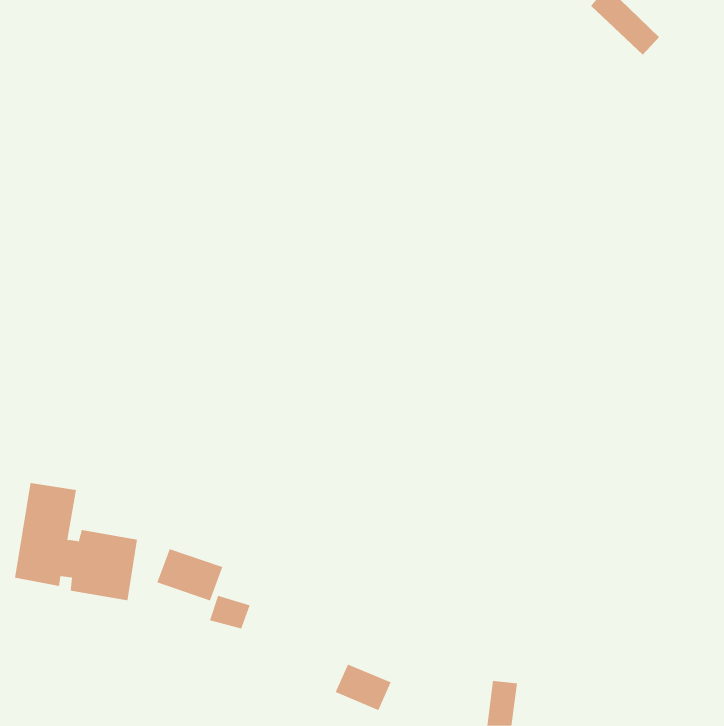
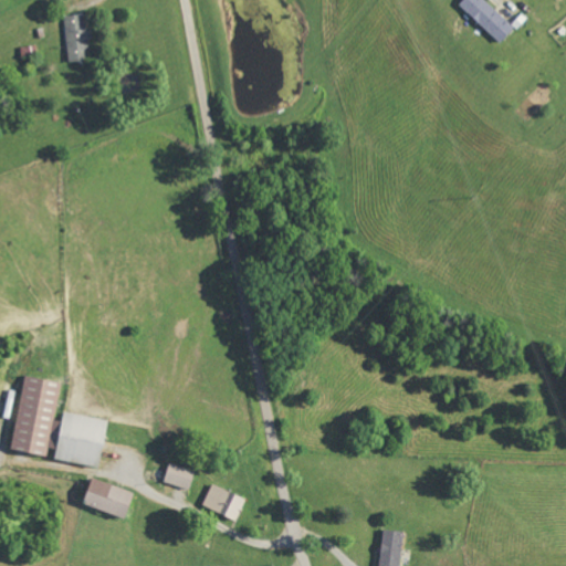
building: none -> [62,13,92,62]
building: [156,548,223,601] -> [82,476,134,517]
building: [335,664,392,711] -> [201,483,245,520]

